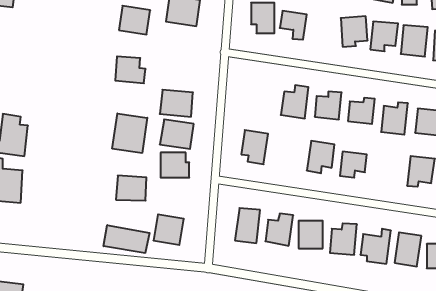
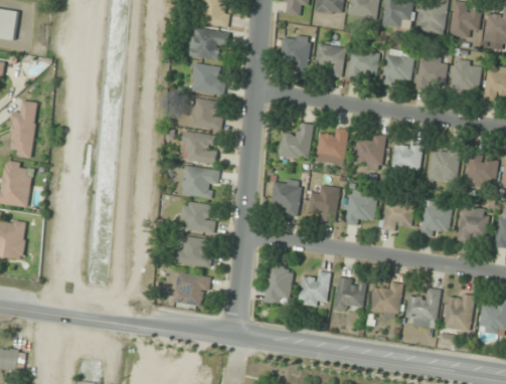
building: [119,6,150,34] -> [190,63,225,95]
building: none -> [348,49,379,80]
building: [115,56,146,83] -> [188,99,222,129]
building: none -> [9,101,39,158]
building: none -> [278,122,315,162]
building: [112,113,147,153] -> none
building: none -> [309,186,339,221]
building: none -> [420,204,452,237]
building: [116,176,146,201] -> [177,237,211,265]
building: [104,225,150,253] -> none

